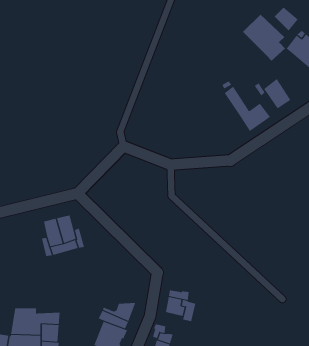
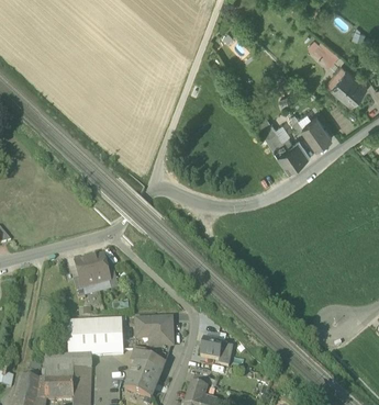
building: [242,14,286,61] -> none
building: none -> [135,315,172,344]
building: none -> [67,318,123,353]

